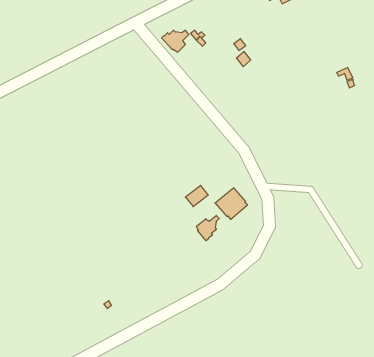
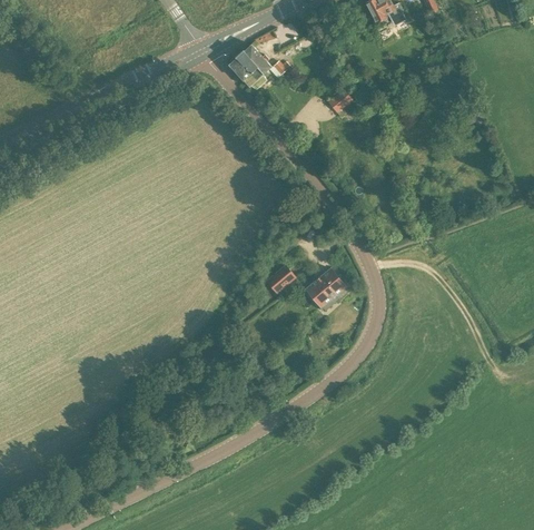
building: none -> [228,45,268,71]
building: [197,215,219,241] -> none

